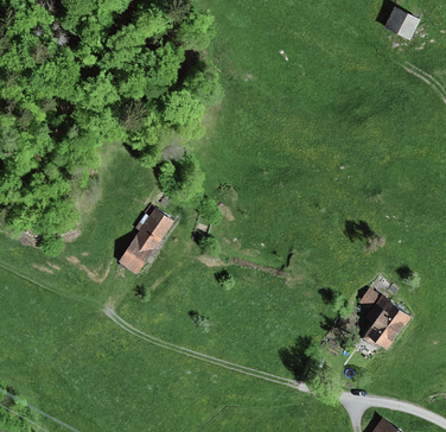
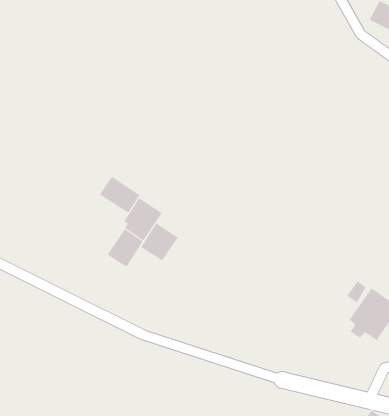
building: none -> [99,176,140,214]
building: none -> [141,222,178,261]

